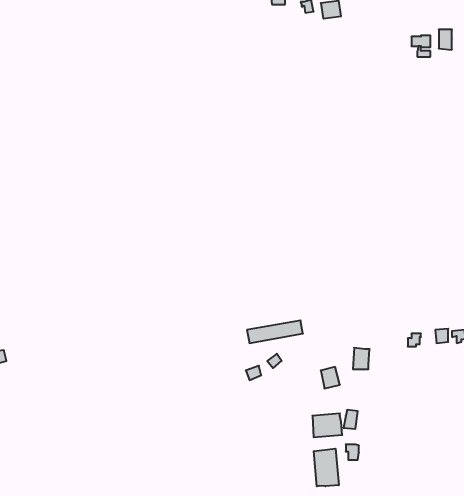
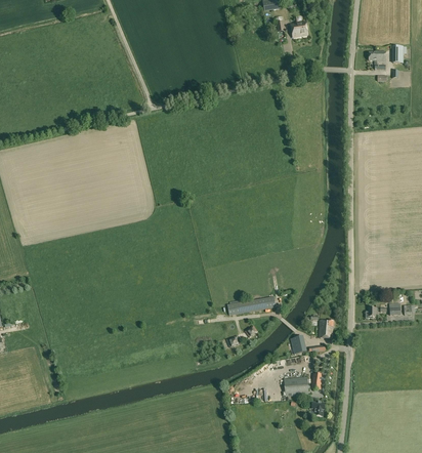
building: [314,449,339,486] -> none

